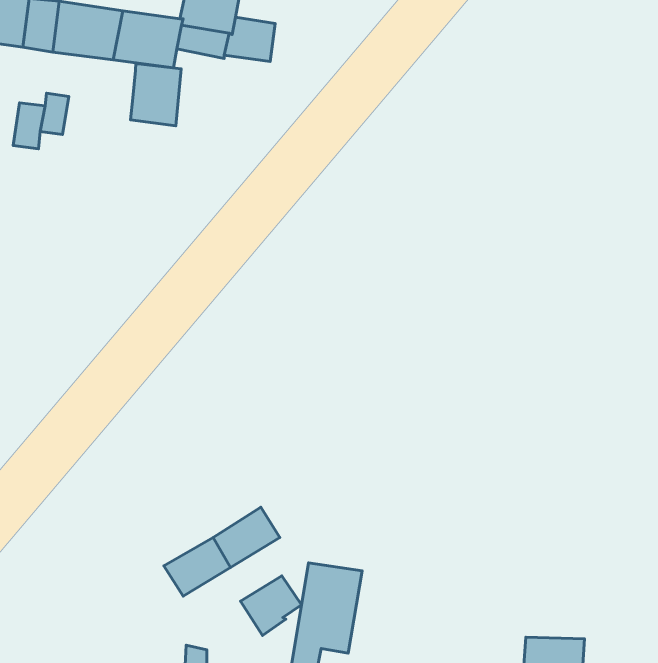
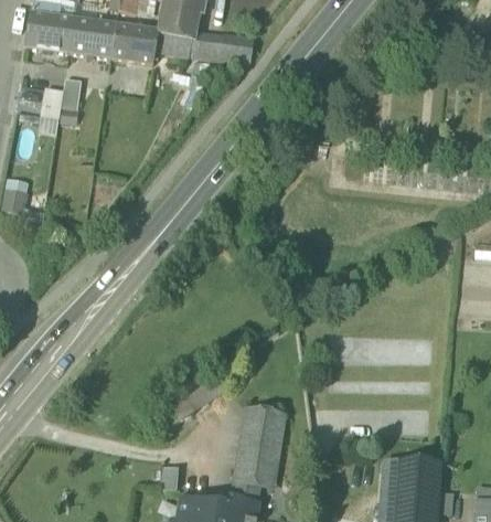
building: none -> [220,33,254,64]
building: [131,63,181,126] -> none
building: [241,576,301,636] -> none

